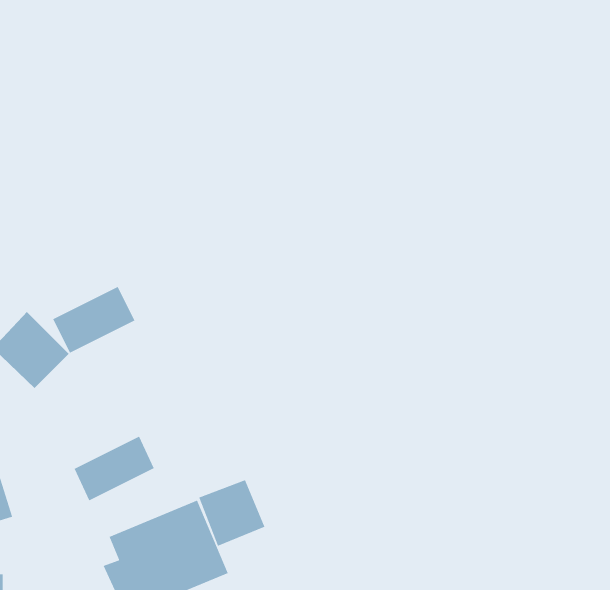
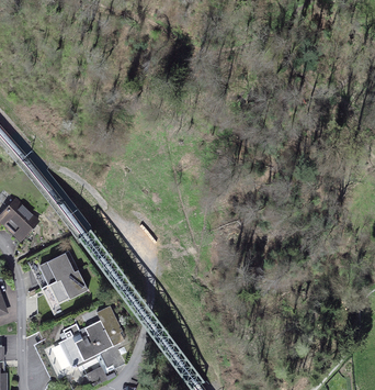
building: [52,286,136,354] -> [33,248,80,287]
building: [198,479,265,547] -> none

